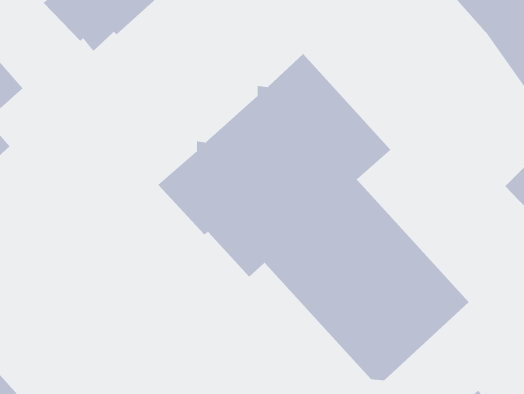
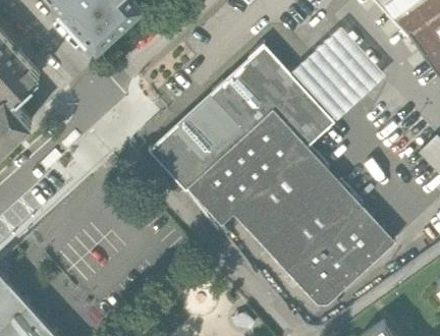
building: none -> [292,30,385,122]

